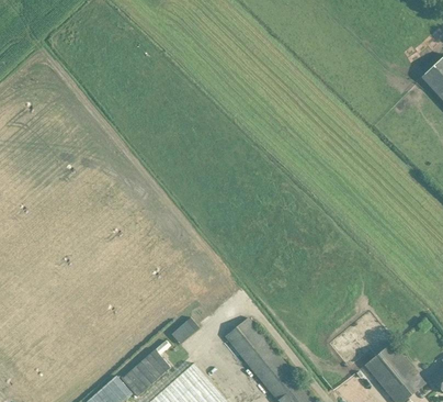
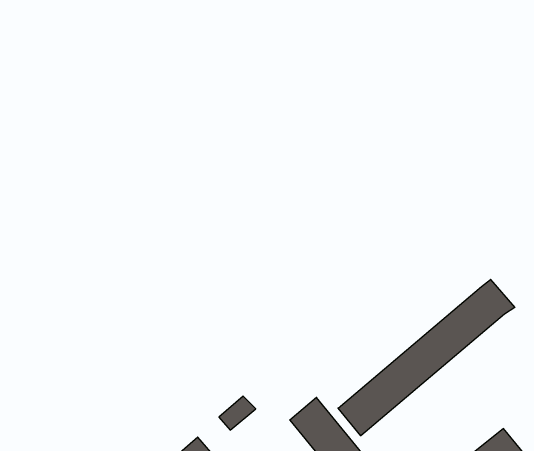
building: none -> [338,279,515,436]

